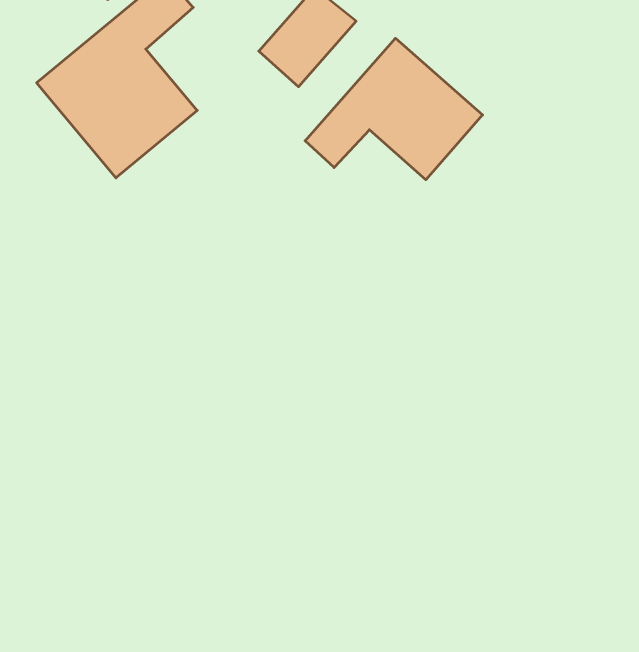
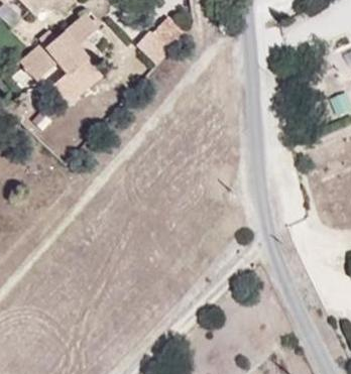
building: [305,38,483,180] -> none

